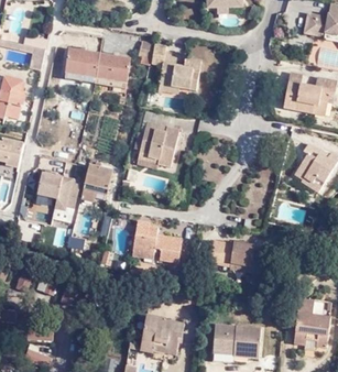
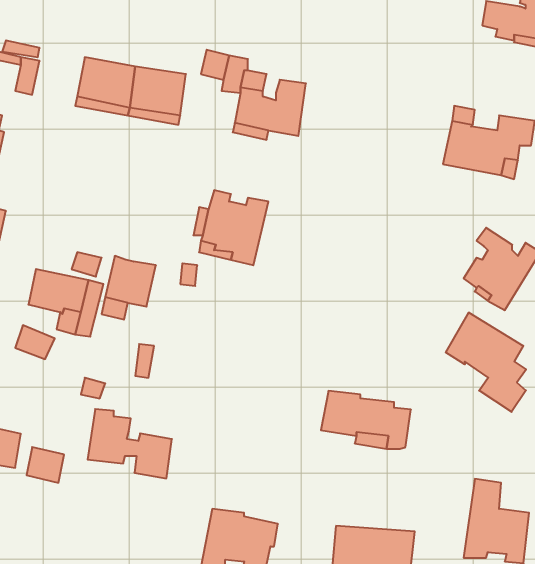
building: none -> [446,312,526,412]
building: [131,225,181,265] -> [88,409,172,478]

